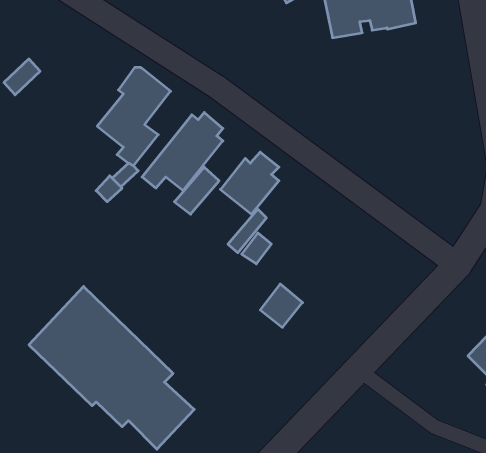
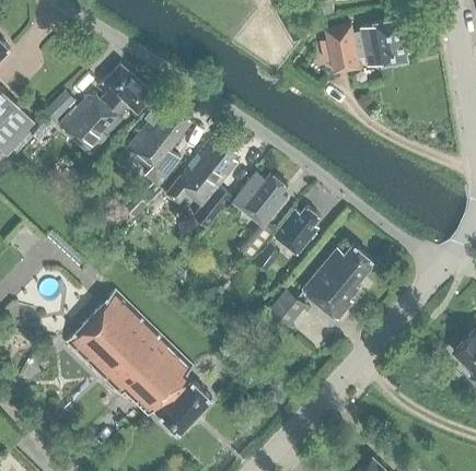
building: none -> [58,64,153,154]
building: none -> [272,208,320,257]
building: none -> [302,245,373,320]

